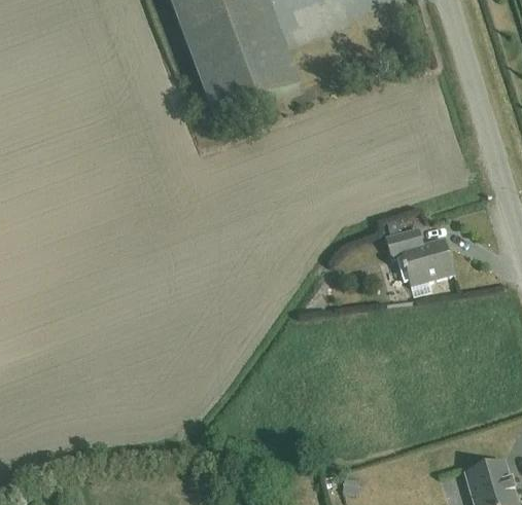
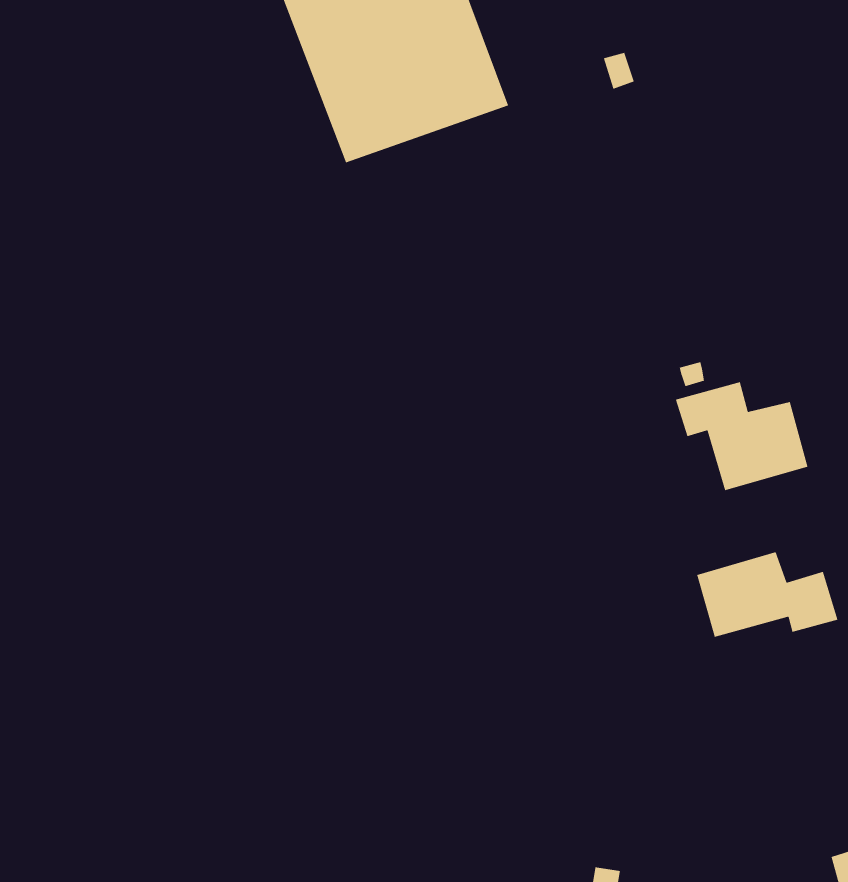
building: none -> [696,551,839,638]

